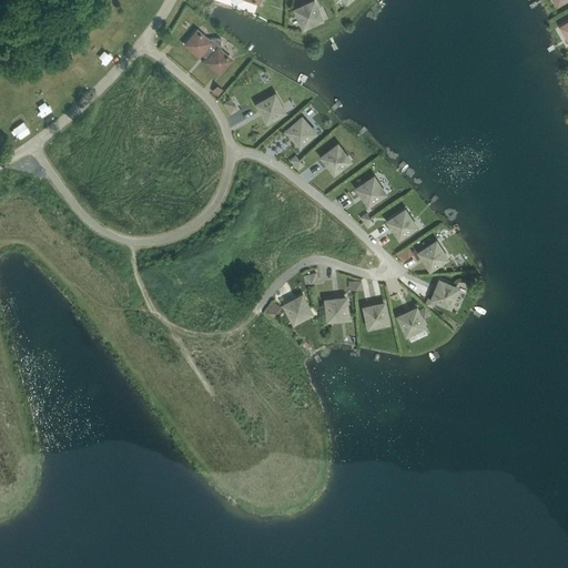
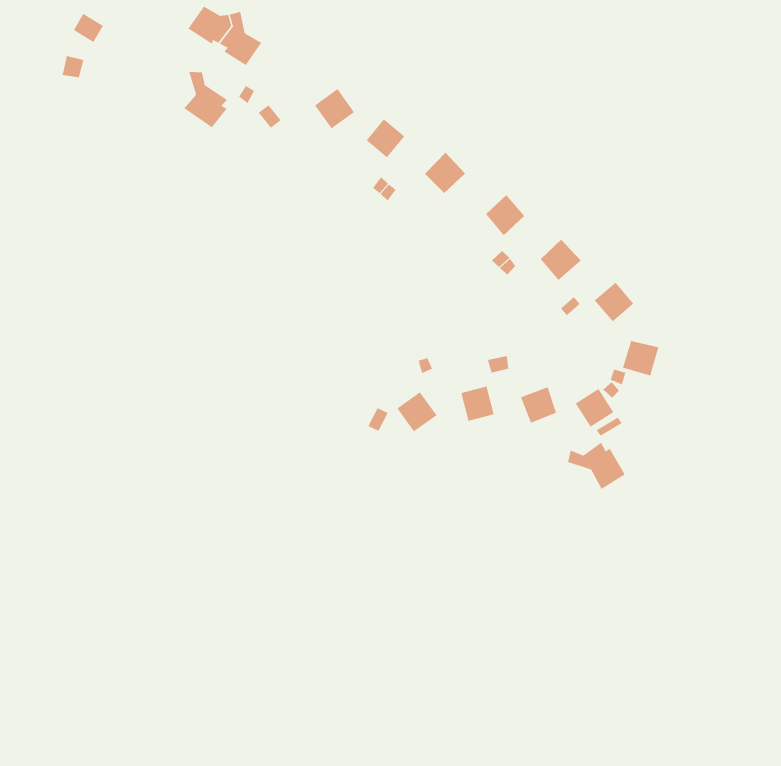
building: none -> [183,71,228,128]
building: none -> [567,442,626,490]

